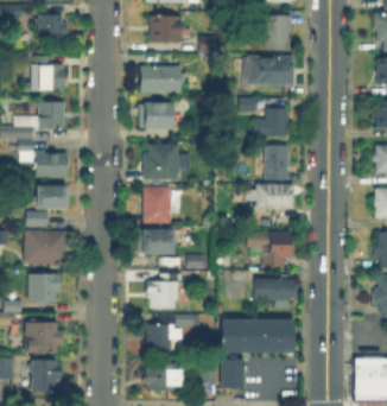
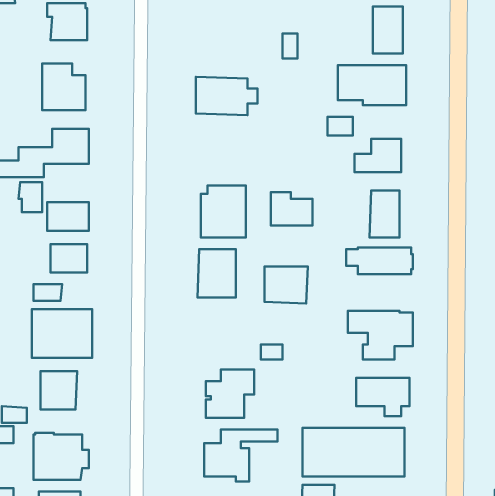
building: [148,19,180,44] -> none
building: [141,103,171,127] -> [271,192,313,225]
building: [139,229,170,255] -> [265,267,308,303]

